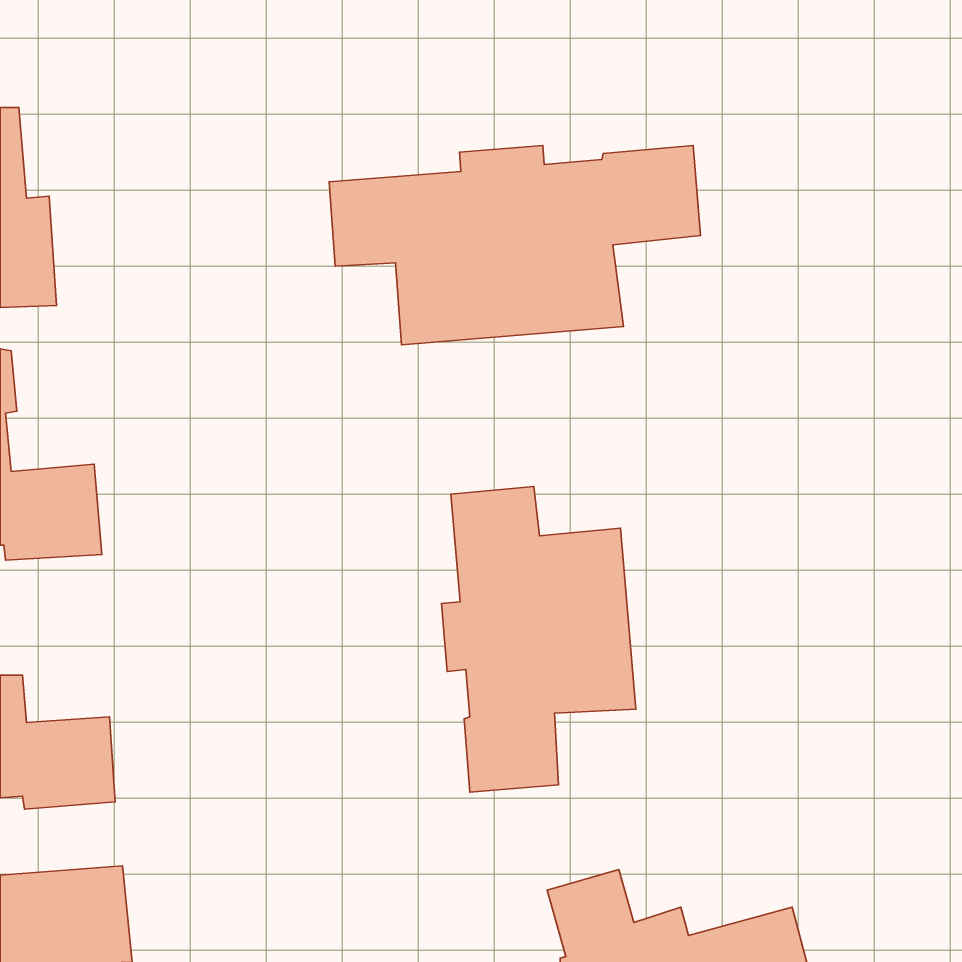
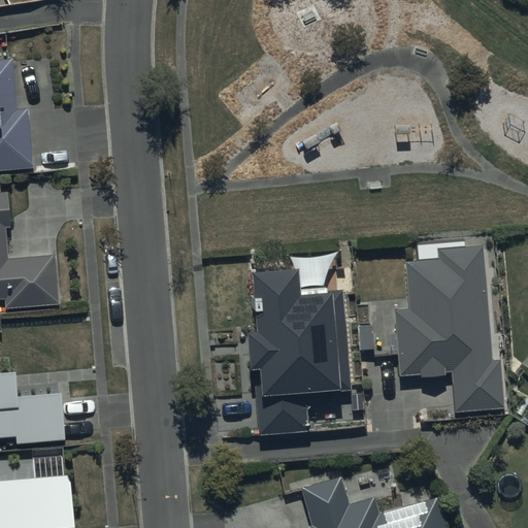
building: [329,145,700,345] -> none
building: none -> [394,246,504,411]

